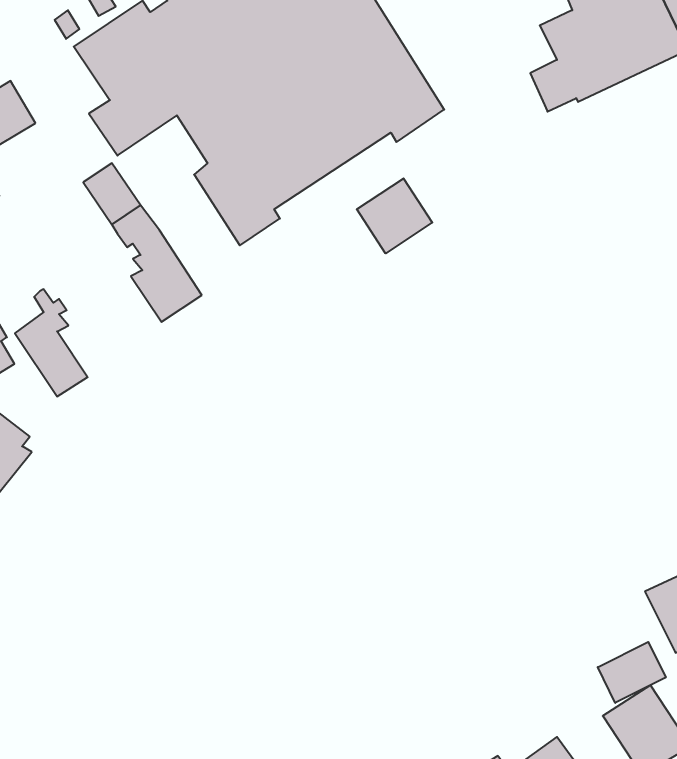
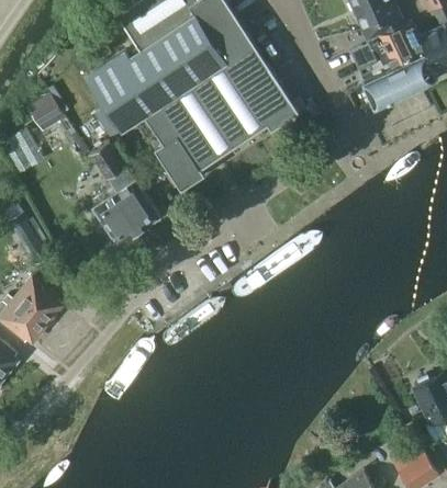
building: [357,178,432,253] -> none
building: [15,289,88,396] -> [94,183,136,245]
building: [598,642,666,703] -> none

